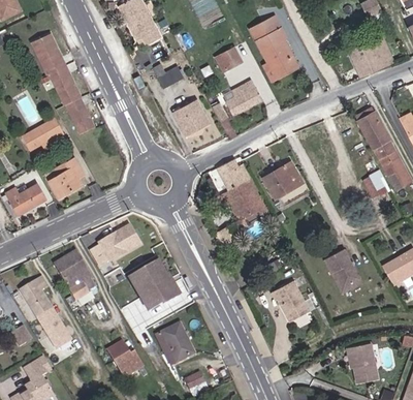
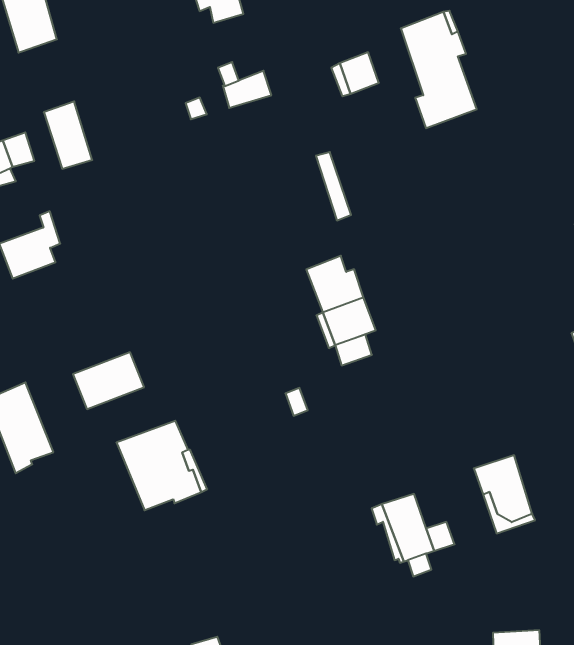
building: [46,64,78,105] -> none
building: [225,79,262,115] -> none
building: [171,100,208,133] -> none
building: [264,162,304,198] -> none
building: [155,322,195,365] -> none
building: [108,342,141,377] -> none

